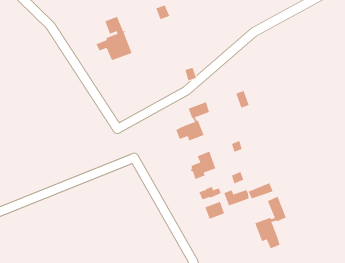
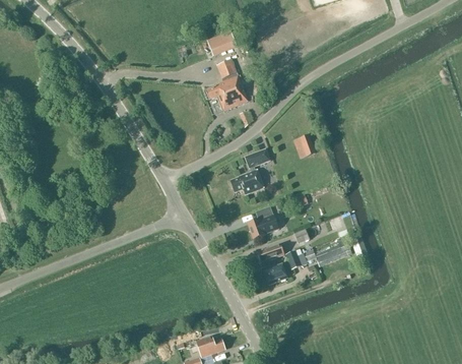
building: [96,16,133,61] -> [204,58,247,110]
building: [254,196,287,249] -> none

